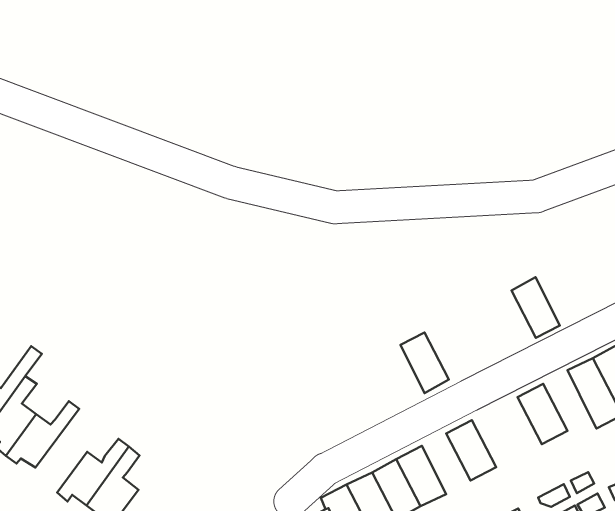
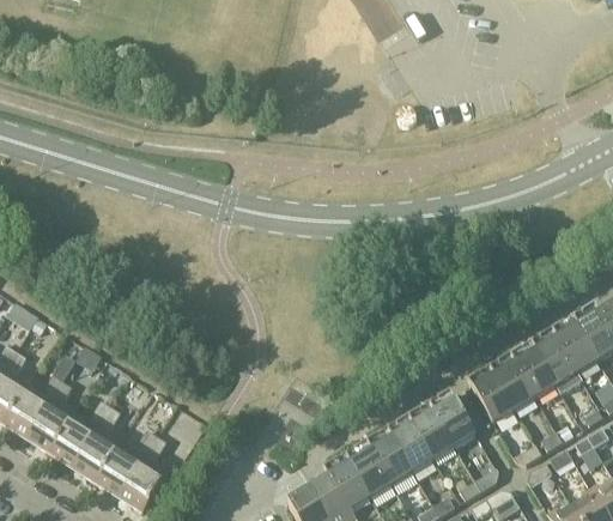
building: [511,277,560,338] -> [511,345,556,398]
building: [400,333,449,393] -> [409,407,454,460]
building: none -> [468,371,514,424]
building: none -> [74,407,119,481]

